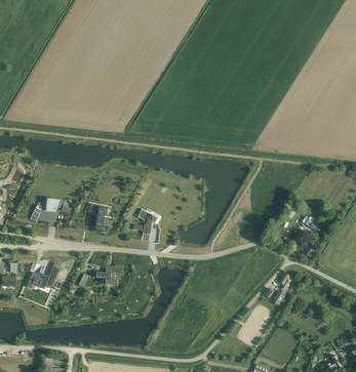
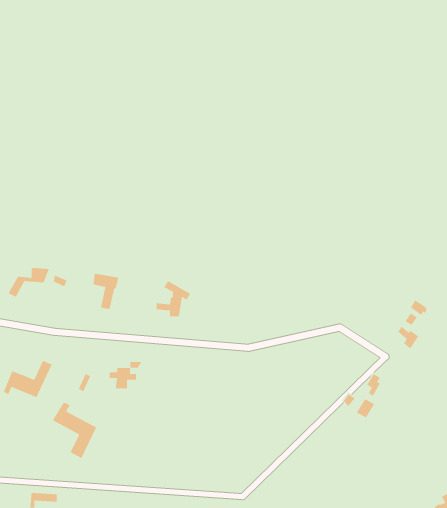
building: none -> [52,401,97,459]

